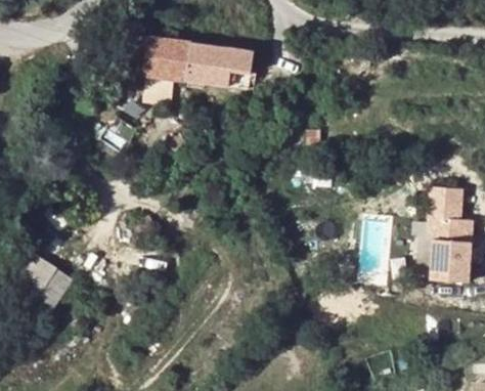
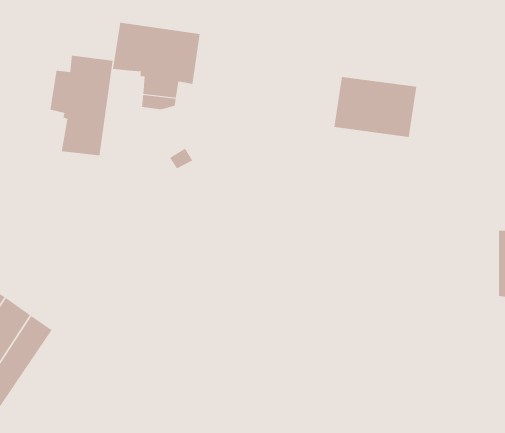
building: [185,40,253,89] -> [334,77,417,137]
building: none -> [50,55,113,156]

